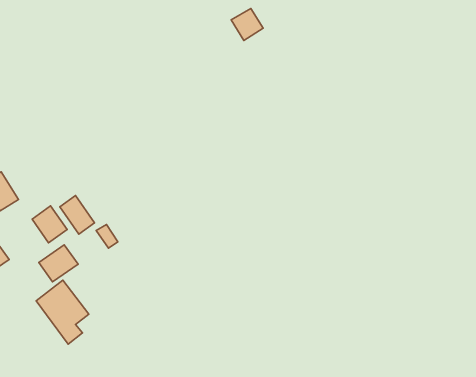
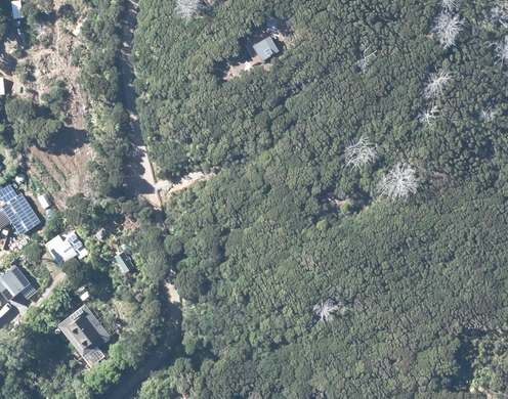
building: [60,195,94,234] -> none
building: [39,245,78,282] -> none

